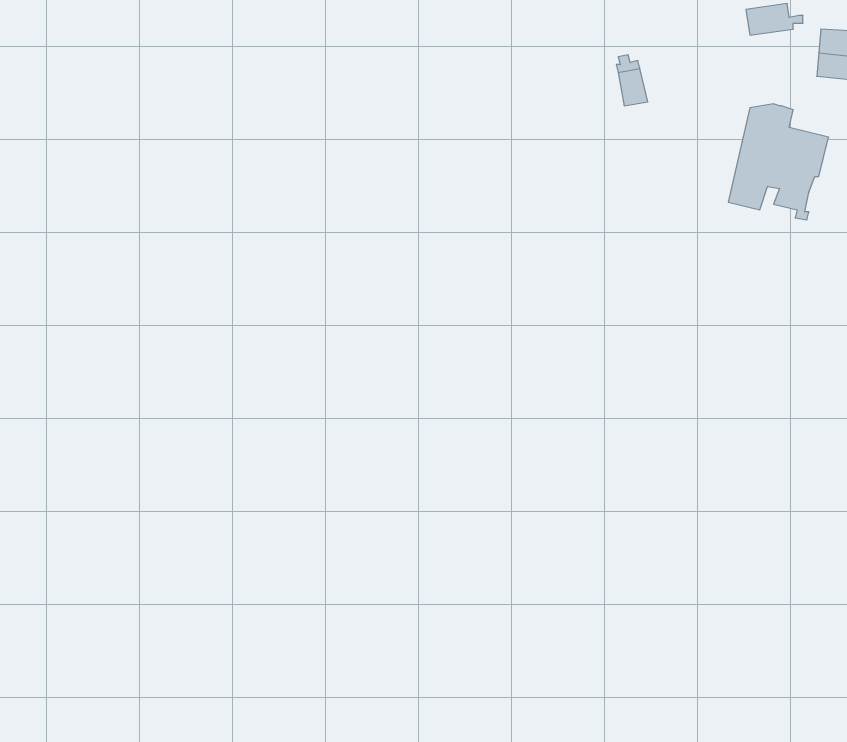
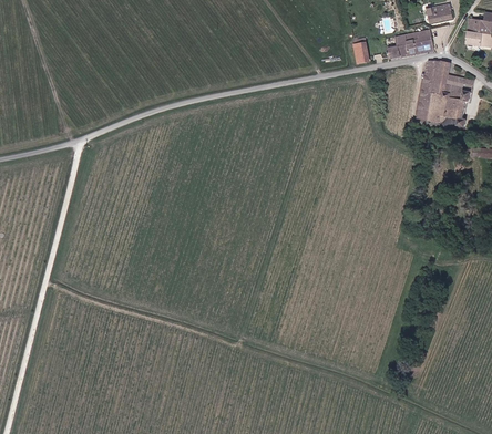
building: none -> [387,29,433,55]

